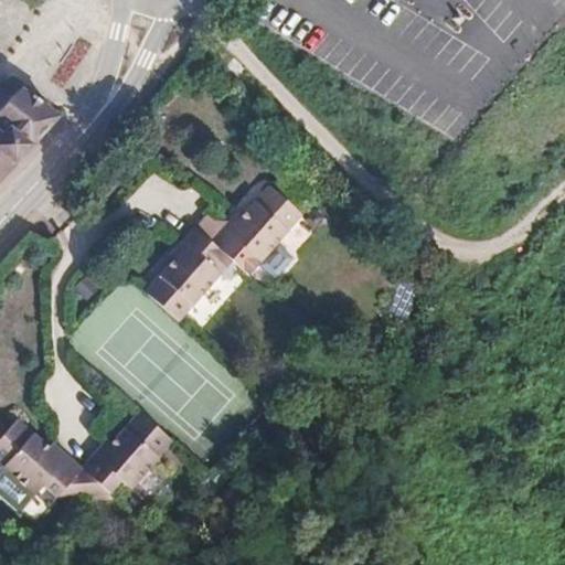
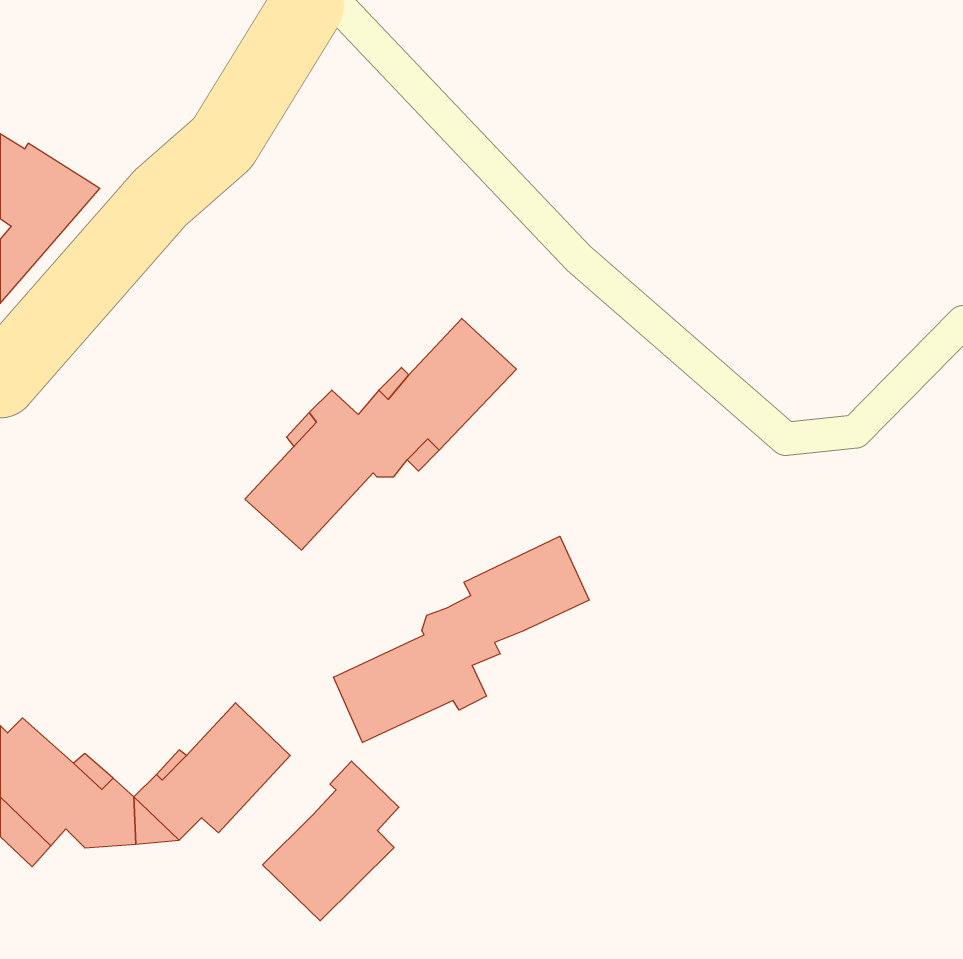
building: none -> [333,536,589,743]
building: none -> [263,761,399,921]

